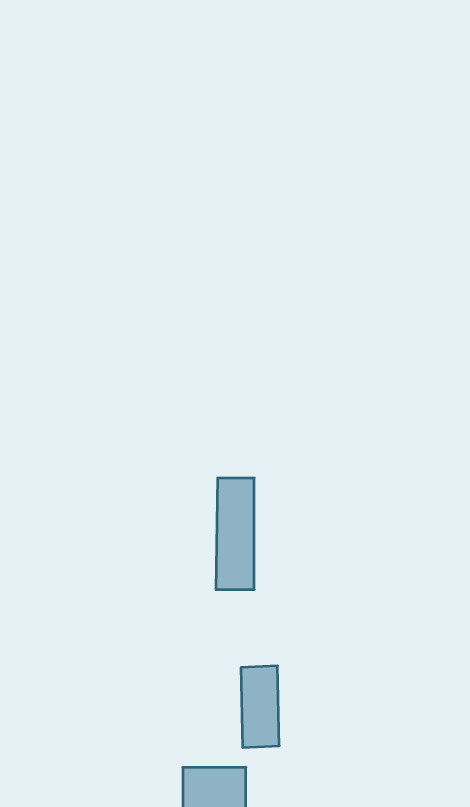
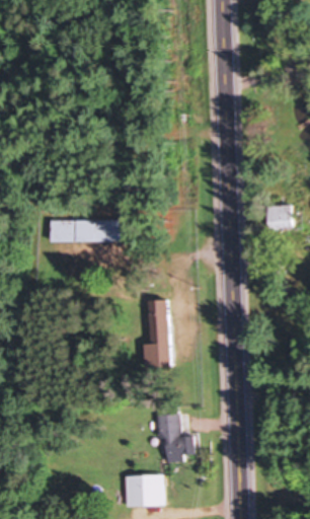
building: none -> [266,206,292,227]
building: none -> [52,219,120,241]

